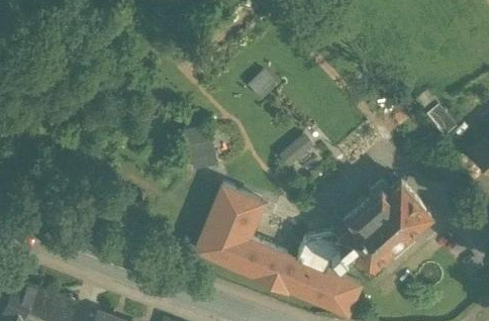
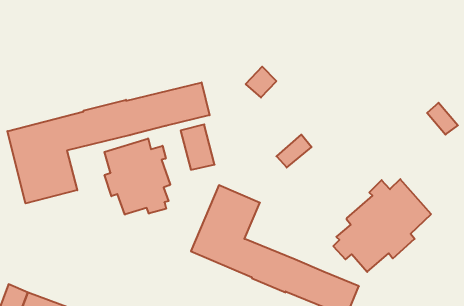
building: none -> [7,82,210,203]
building: none -> [104,138,170,215]
building: [297,219,352,271] -> none

